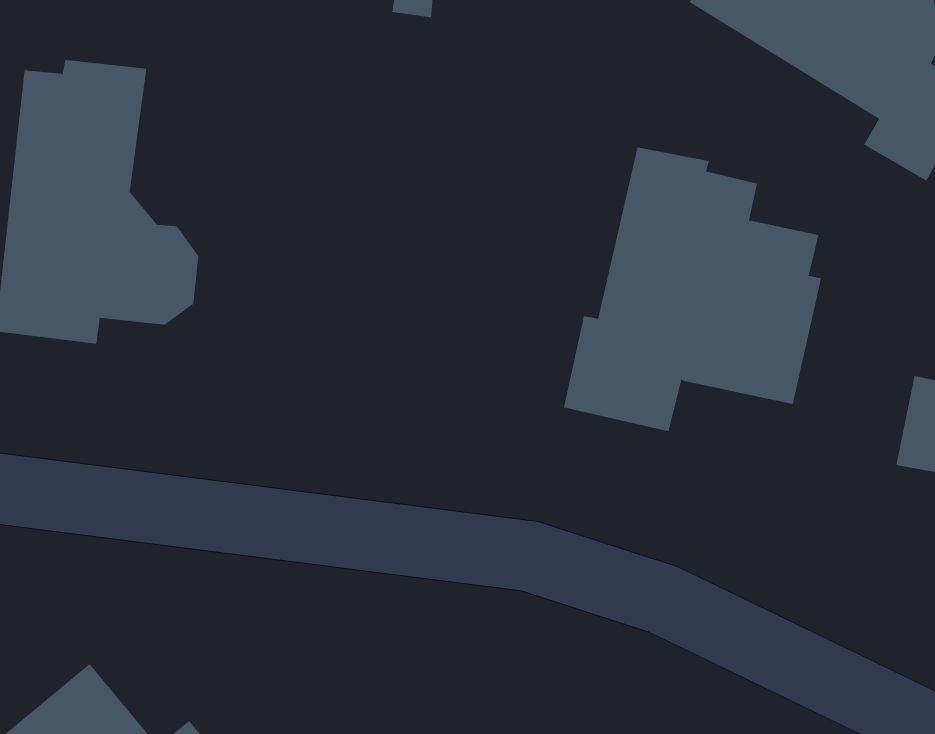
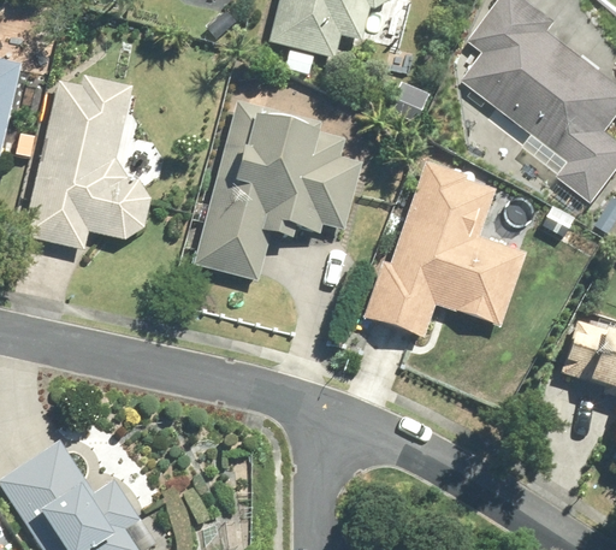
building: none -> [194,101,362,280]

